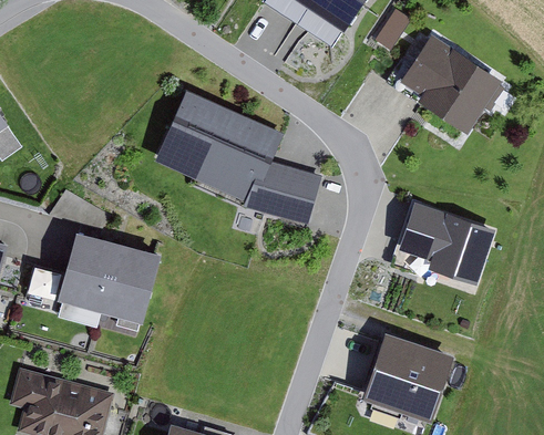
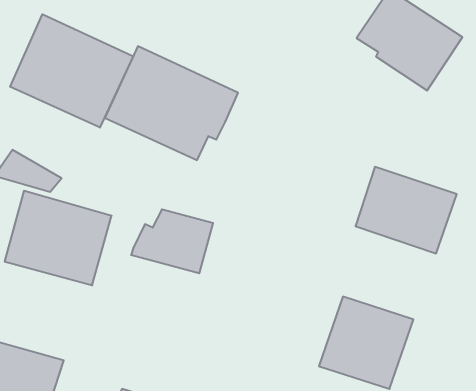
building: none -> [10,14,133,128]
building: [242,163,321,225] -> [131,209,213,273]

